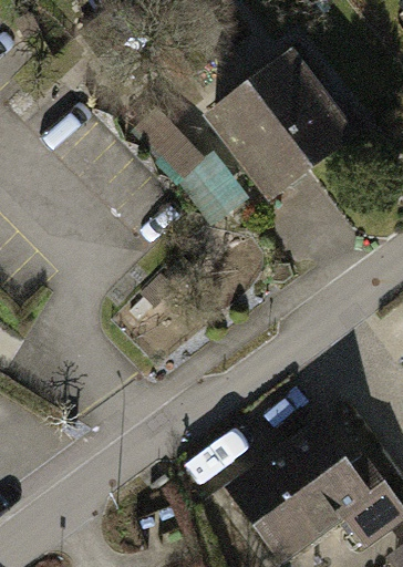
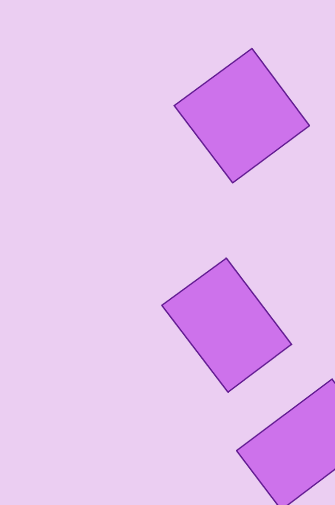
building: none -> [162,258,292,392]

